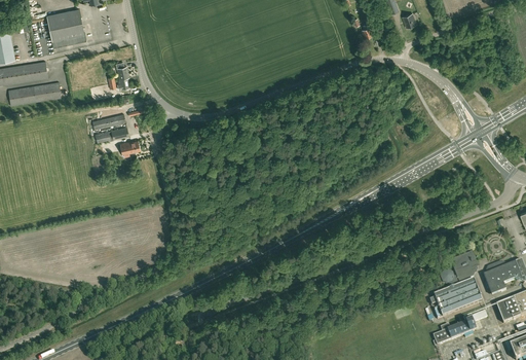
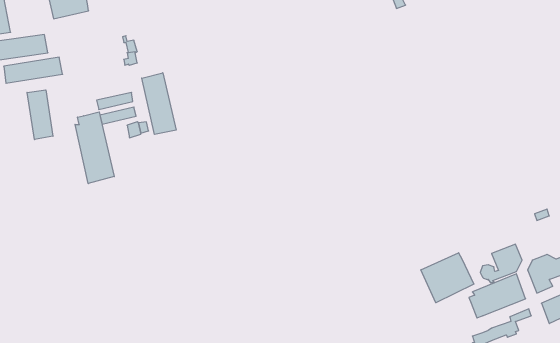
building: none -> [142,73,176,134]
building: none -> [27,90,53,140]
building: none -> [75,112,114,184]
building: none -> [421,253,474,303]

